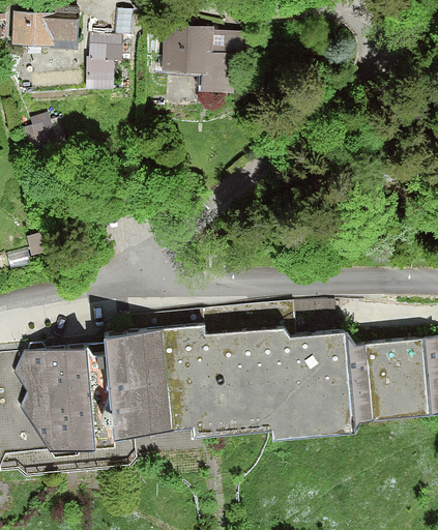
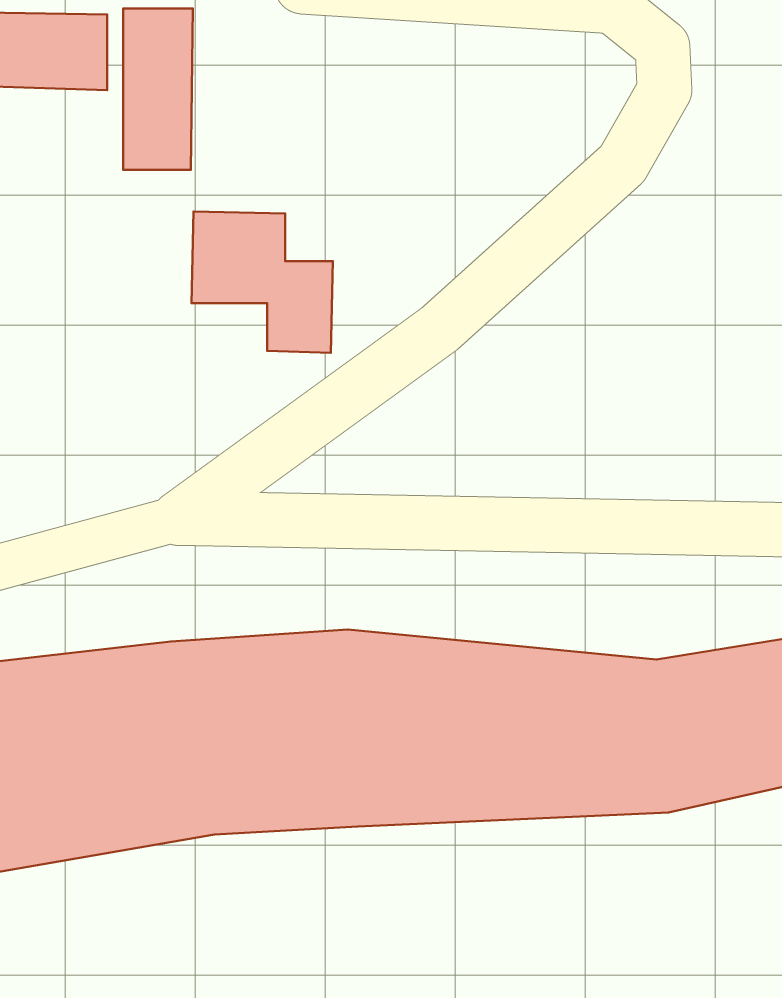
building: [164,28,237,101] -> [192,212,333,353]

